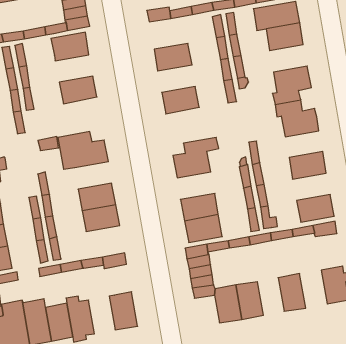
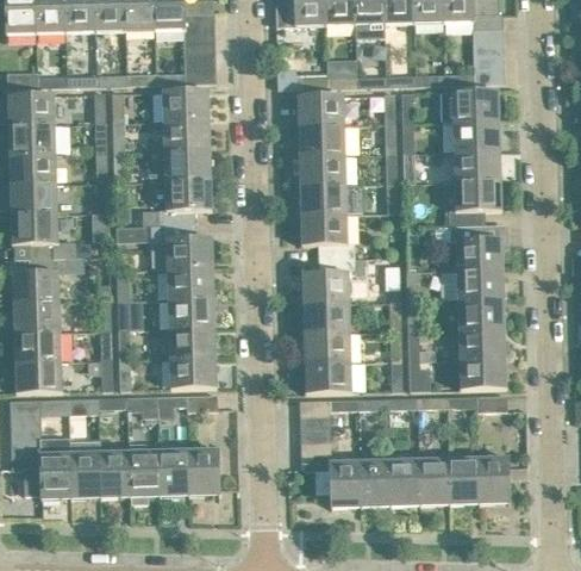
building: none -> [298,94,345,125]
building: none -> [454,149,501,180]
building: none -> [163,119,211,150]
building: none -> [299,154,346,185]
building: none -> [160,178,212,224]
building: none -> [301,212,364,257]
building: none -> [457,268,505,298]
building: none -> [168,267,214,298]
building: none -> [304,302,351,333]
building: none -> [458,327,506,358]
building: none -> [170,355,217,387]
building: none -> [449,457,480,504]
building: none -> [391,458,420,505]
building: none -> [160,448,189,496]

